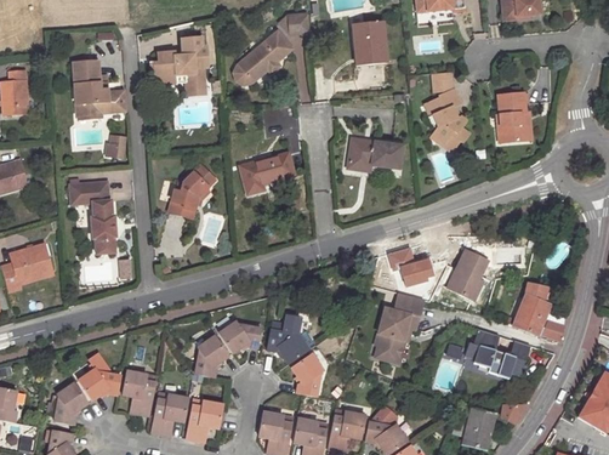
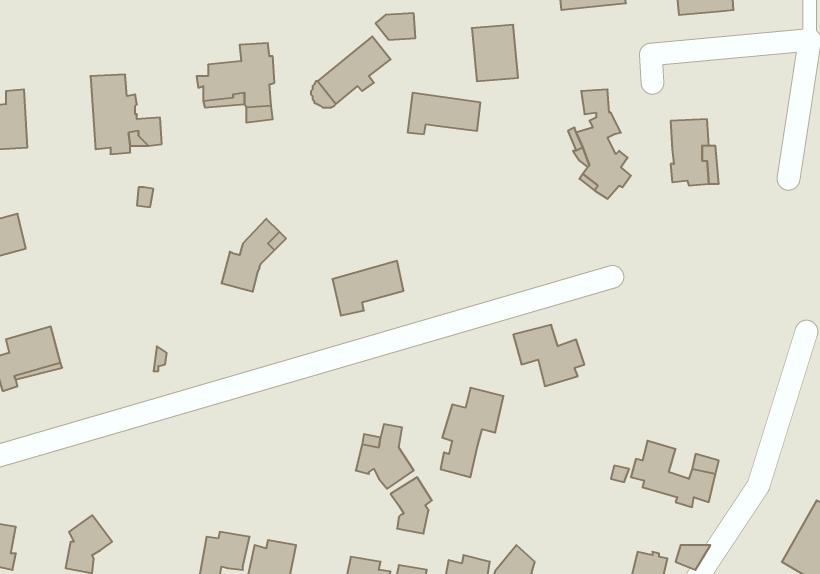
building: [348,138,402,169] -> [408,93,480,134]
building: [241,153,294,193] -> [332,261,404,316]
building: [70,181,116,252] -> none
building: [443,250,488,301] -> none
building: [516,284,565,336] -> none
building: [377,296,423,362] -> [441,388,504,477]
building: [220,322,262,353] -> none
building: [197,336,228,377] -> none
building: [78,353,121,399] -> none
building: [123,371,155,416] -> none

